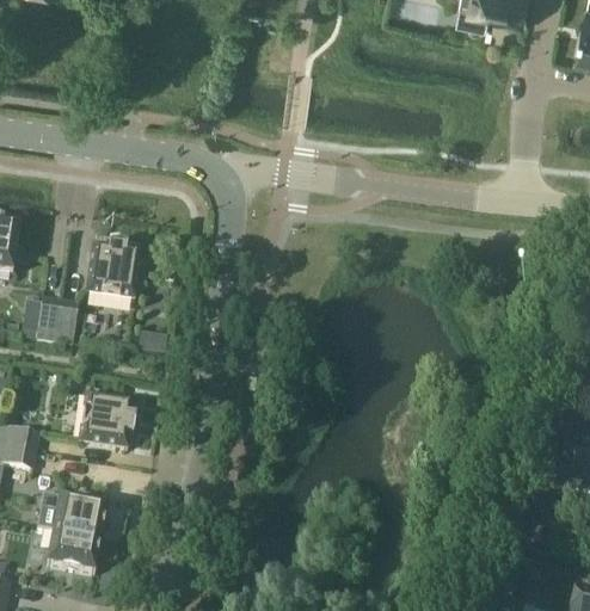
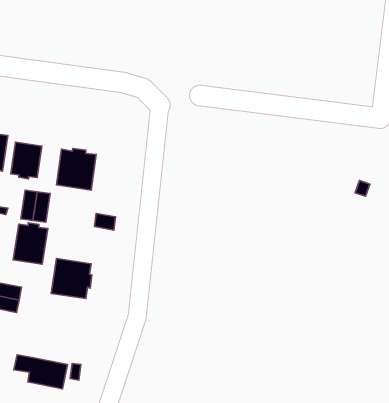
building: none -> [11,142,42,179]
building: none -> [13,223,48,264]
building: [51,494,106,537] -> none

